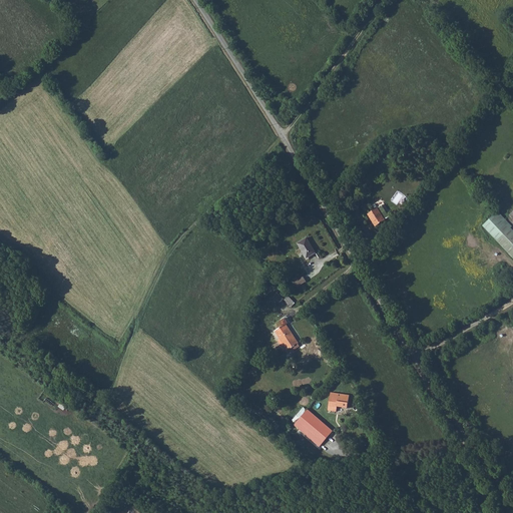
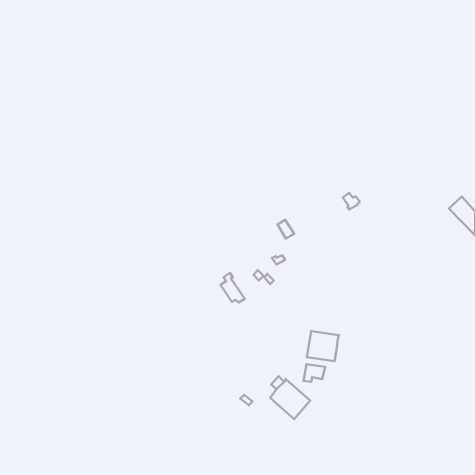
building: [275,317,301,349] -> [221,273,245,303]
building: none -> [307,331,339,361]

